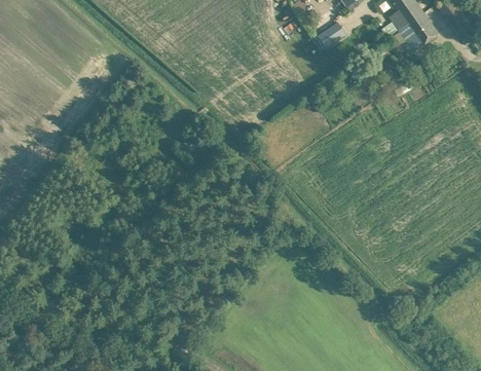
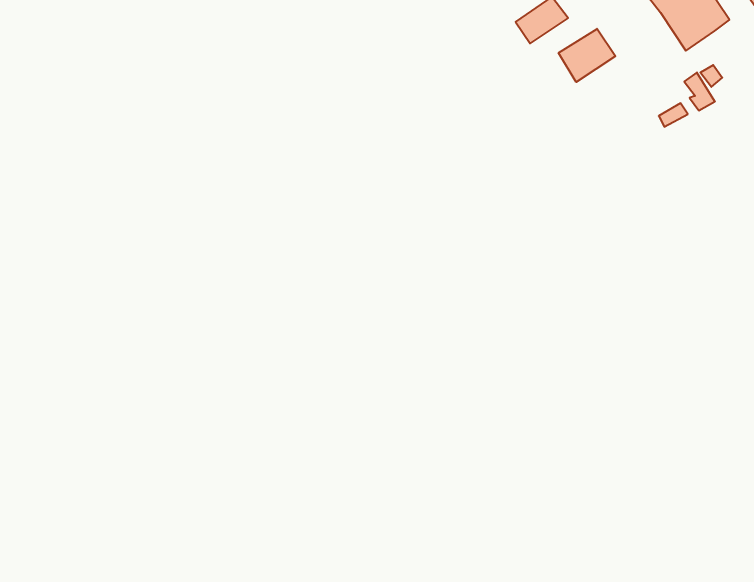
building: none -> [559,29,615,82]

